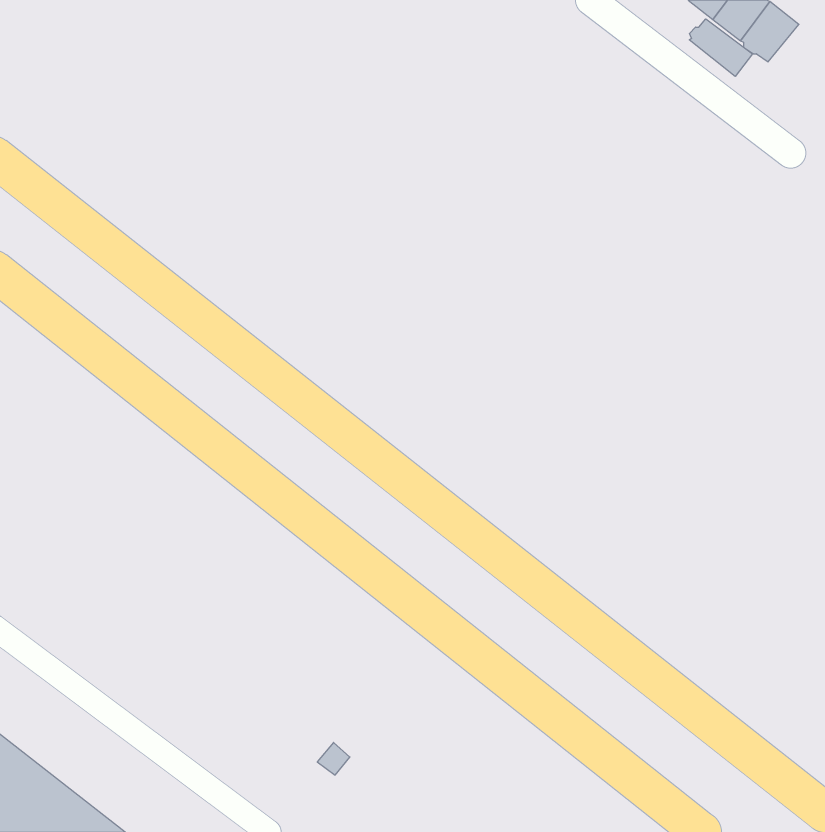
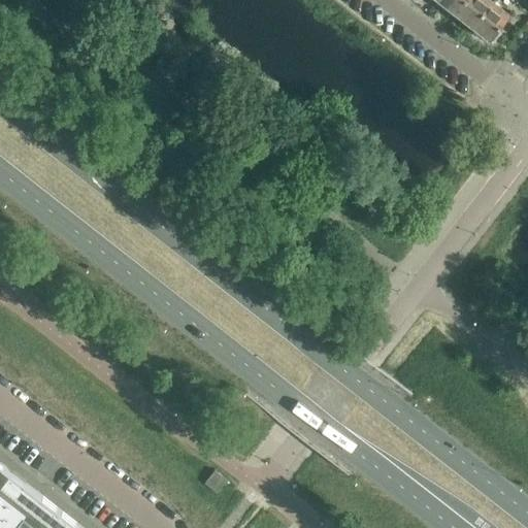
building: [689,19,753,76] -> none

